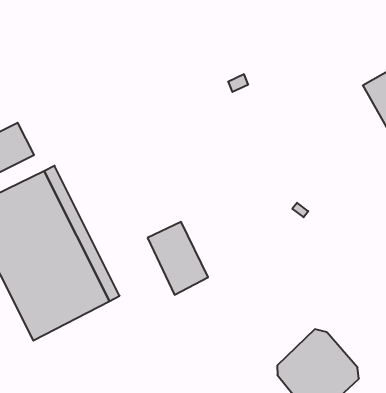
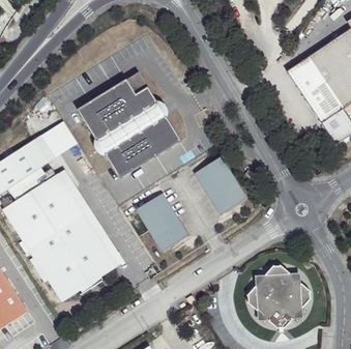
building: none -> [78,75,158,145]
building: none -> [29,119,71,159]
building: none -> [106,117,182,182]
building: none -> [198,158,247,213]

